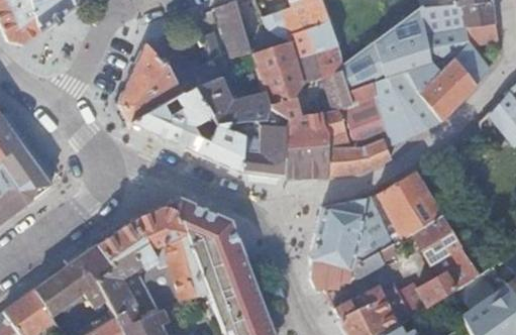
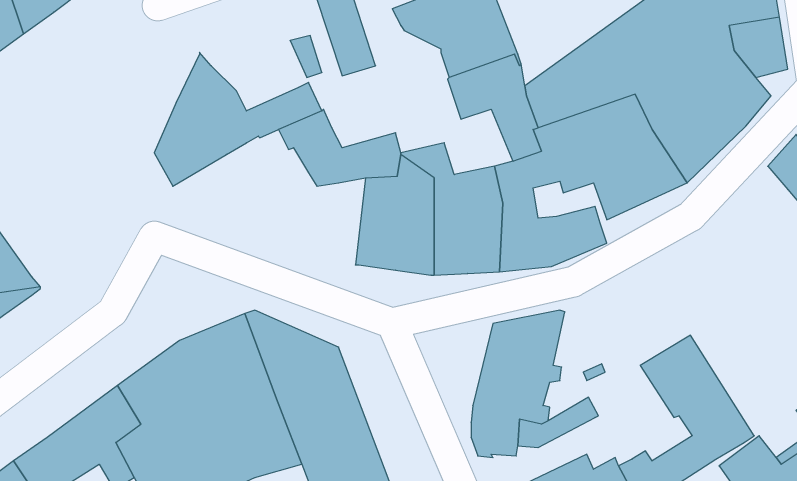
building: [254,43,304,104] -> none
building: [130,90,246,172] -> none
building: [378,172,442,238] -> none

